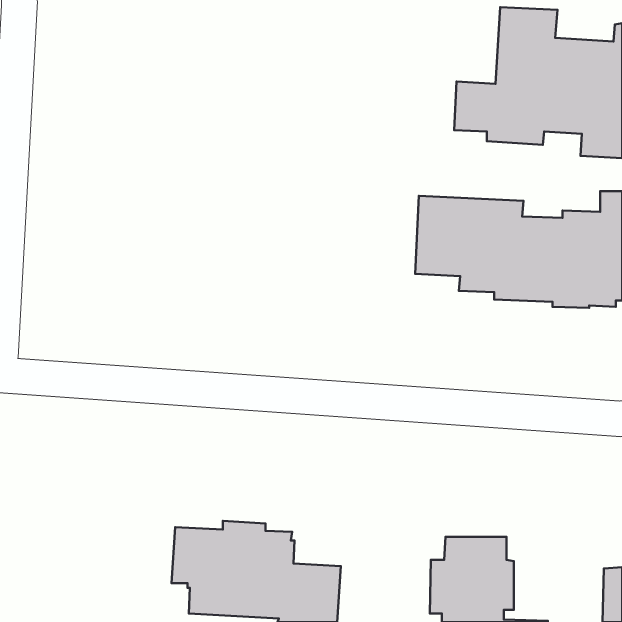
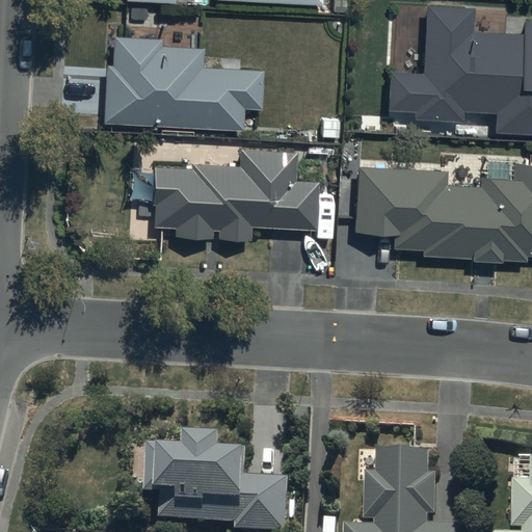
building: none -> [103,36,263,131]
building: none -> [154,151,316,240]

